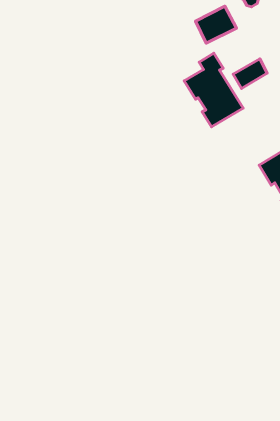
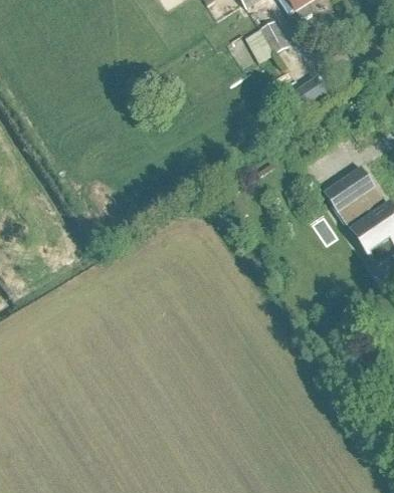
building: [184,53,243,127] -> none

